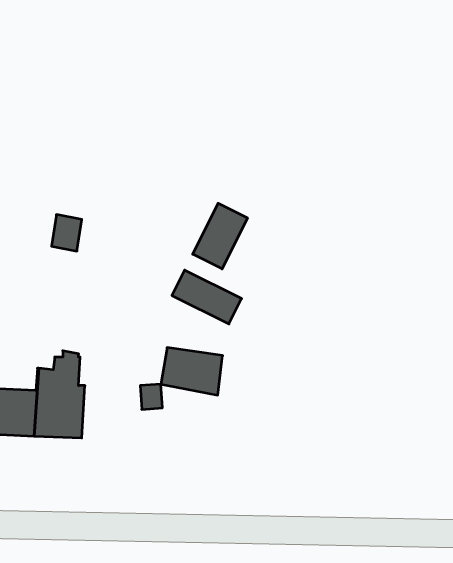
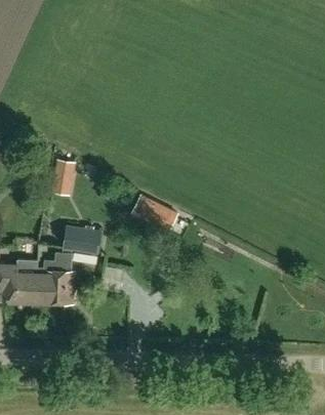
building: [193,203,247,269] -> none
building: [161,348,223,395] -> [60,224,100,255]

